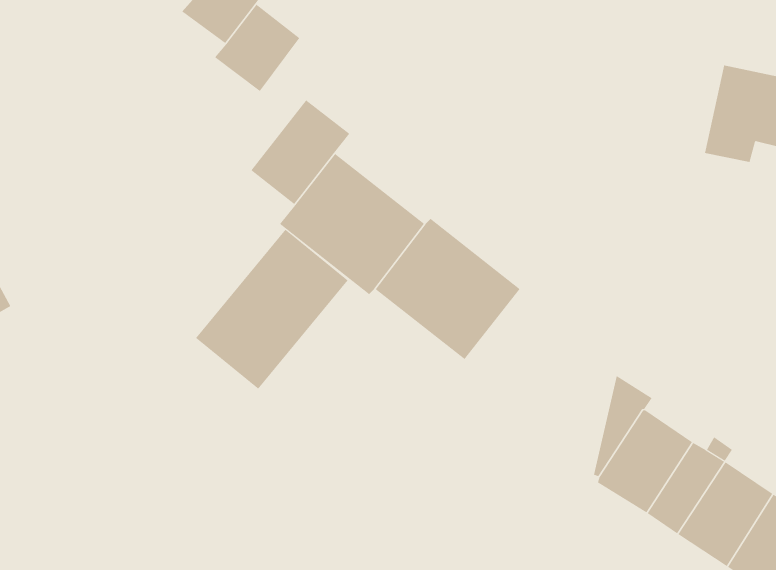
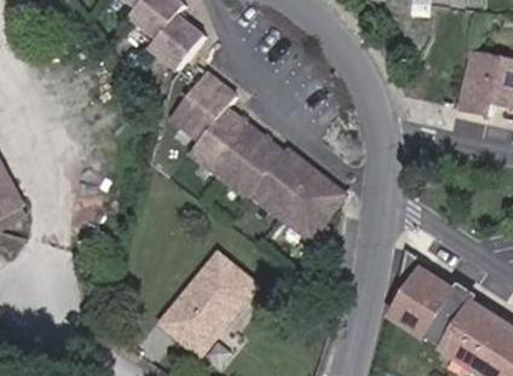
building: [195,229,348,390] -> [161,253,258,354]

